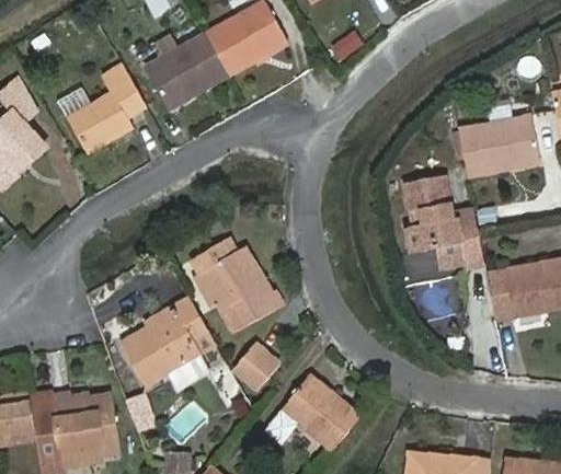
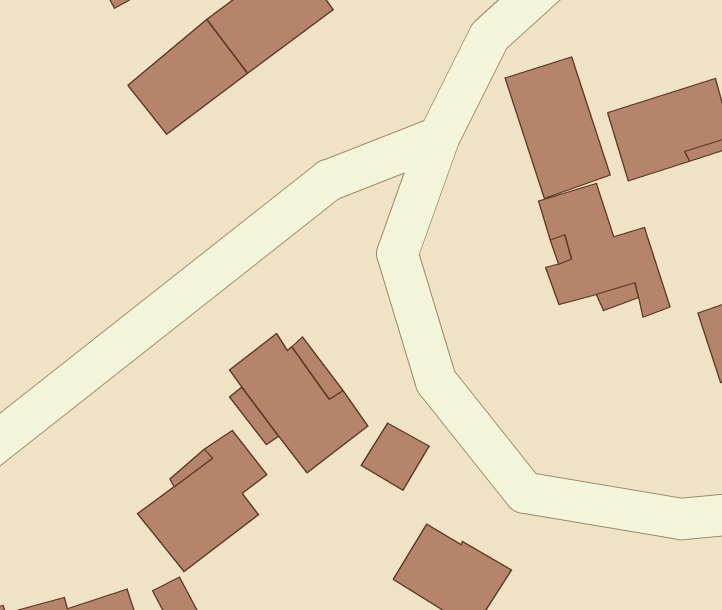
building: [71,67,148,148] -> none
building: none -> [505,57,610,199]
building: [233,347,279,392] -> [361,423,429,490]

